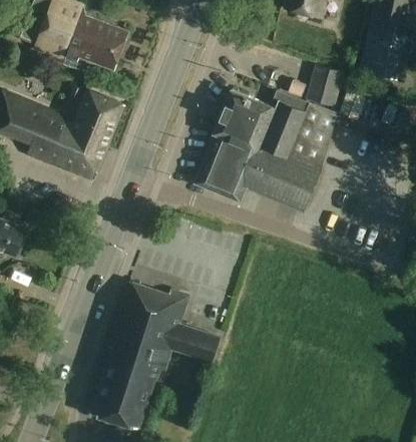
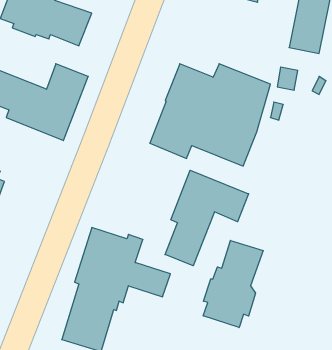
building: [305,64,342,106] -> none
building: none -> [165,170,249,266]
building: none -> [203,240,263,328]

